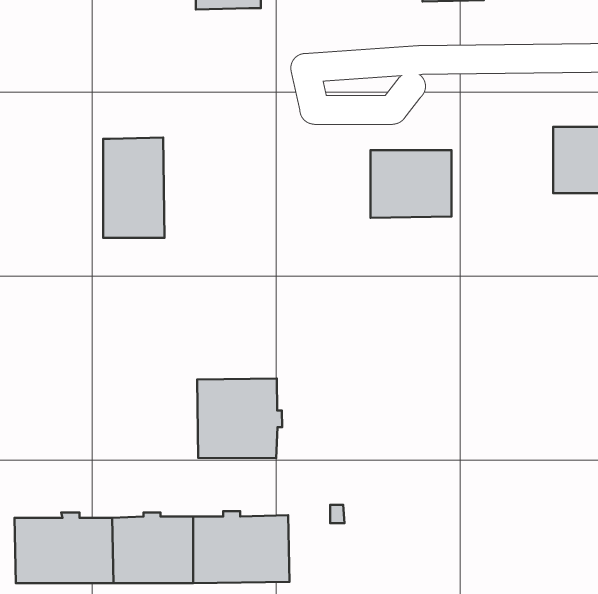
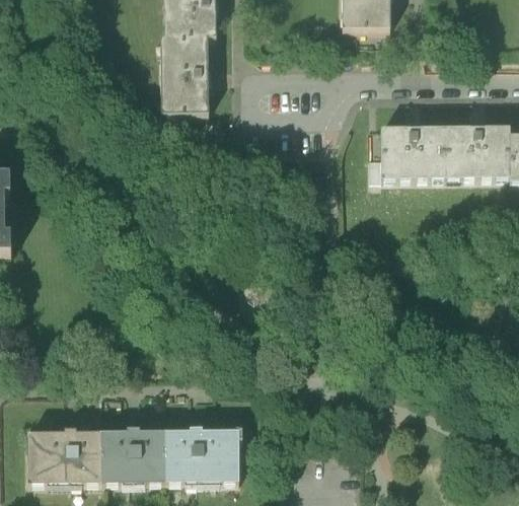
building: [103,138,164,238] -> [161,34,209,113]
building: [371,150,451,218] -> [381,127,444,179]
building: [197,378,282,458] -> none

